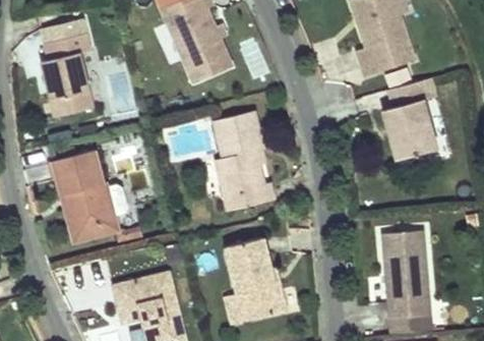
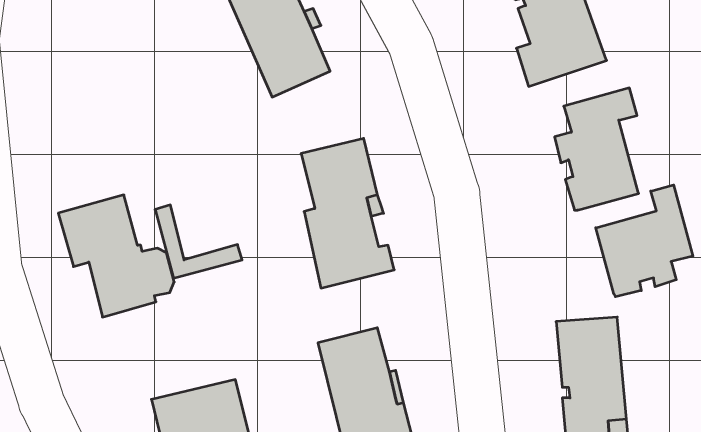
building: [41,34,93,116] -> none
building: none -> [596,185,693,297]
building: [61,193,119,242] -> [155,205,242,278]

